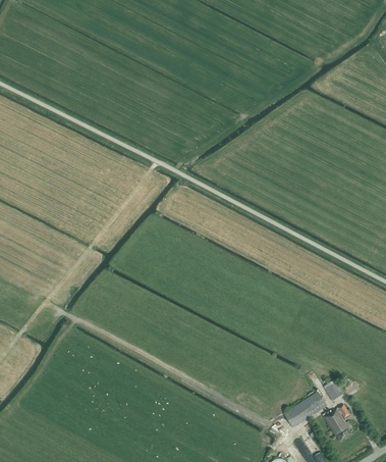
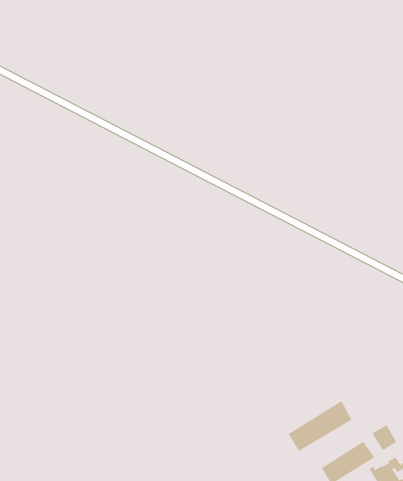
building: none -> [288,400,352,452]

